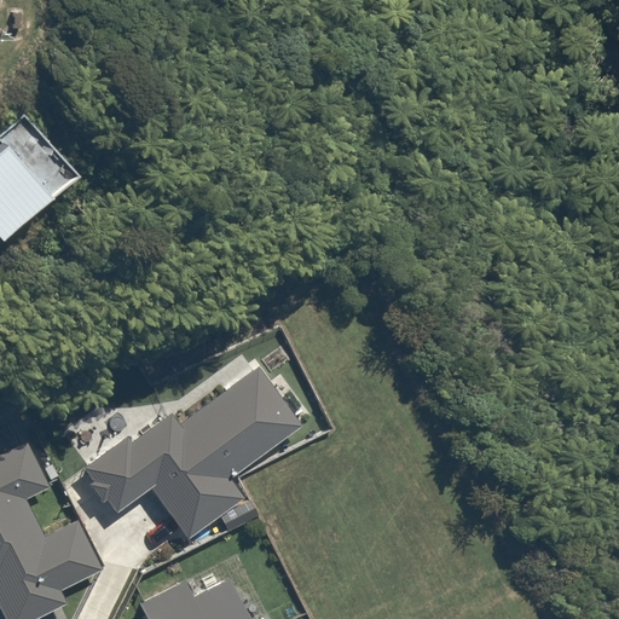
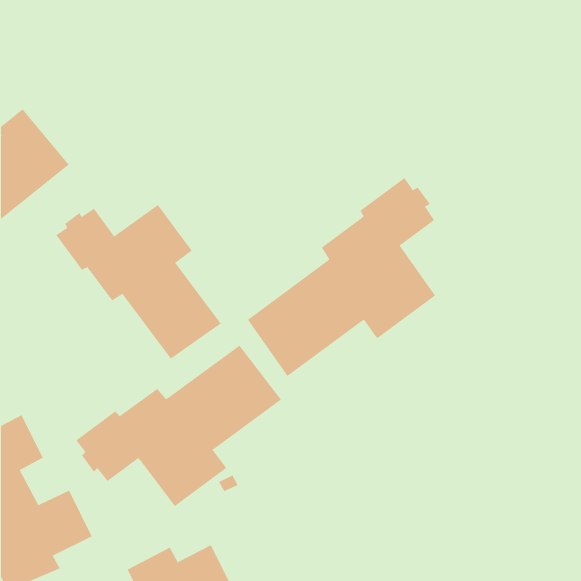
building: none -> [247,177,436,377]
building: none -> [56,204,221,360]

